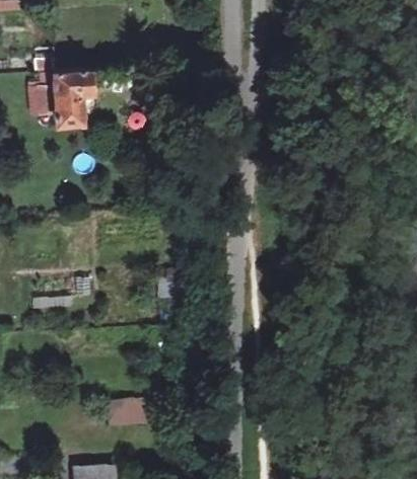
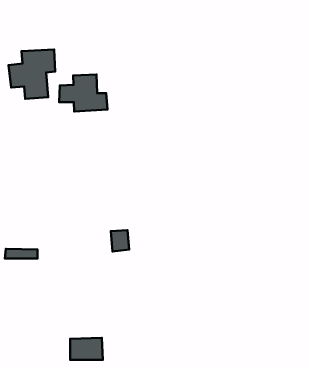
building: none -> [59,75,107,111]

